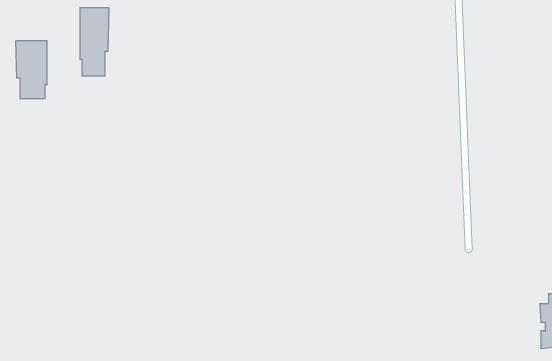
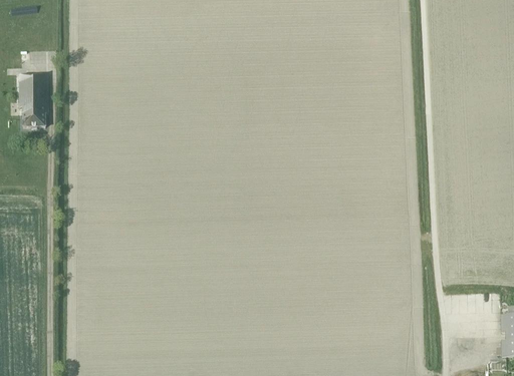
building: [80,8,109,76] -> none

